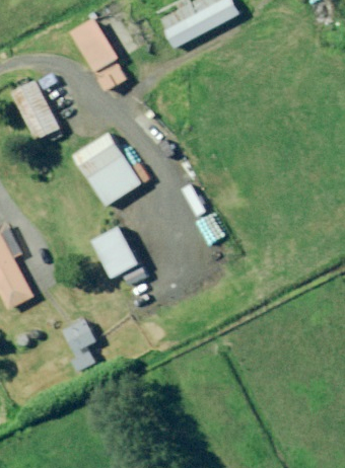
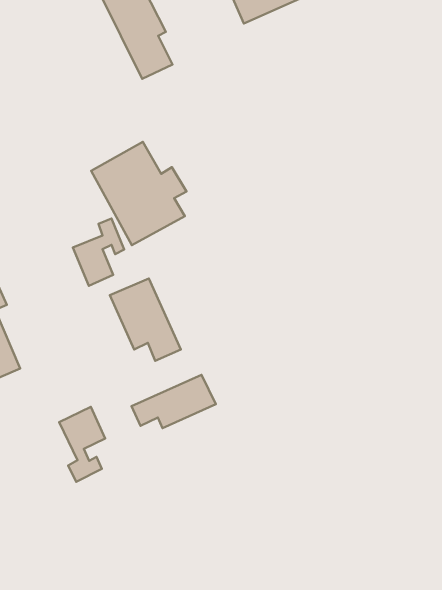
building: [11,80,59,140] -> none
building: none -> [73,218,124,286]
building: none -> [132,375,216,428]

